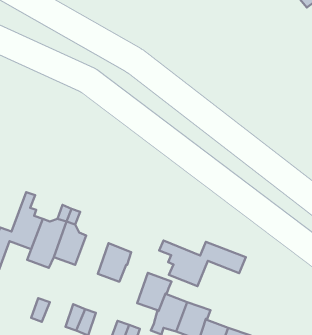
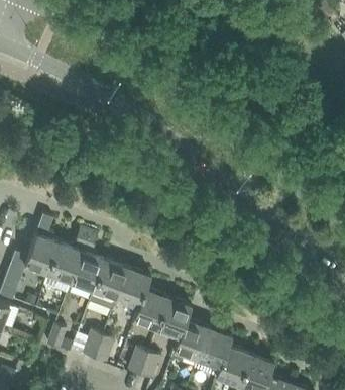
building: none -> [89,259,127,309]
building: [159,240,246,286] -> none
building: none -> [132,289,167,328]

